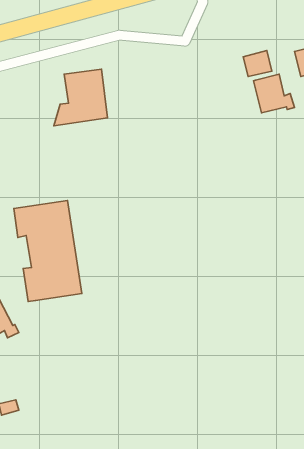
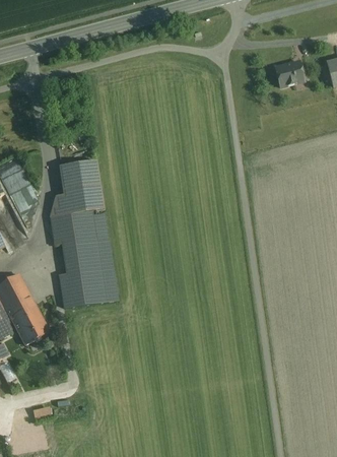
building: [54,69,108,126] -> [50,160,103,216]
building: [254,74,295,113] -> none

